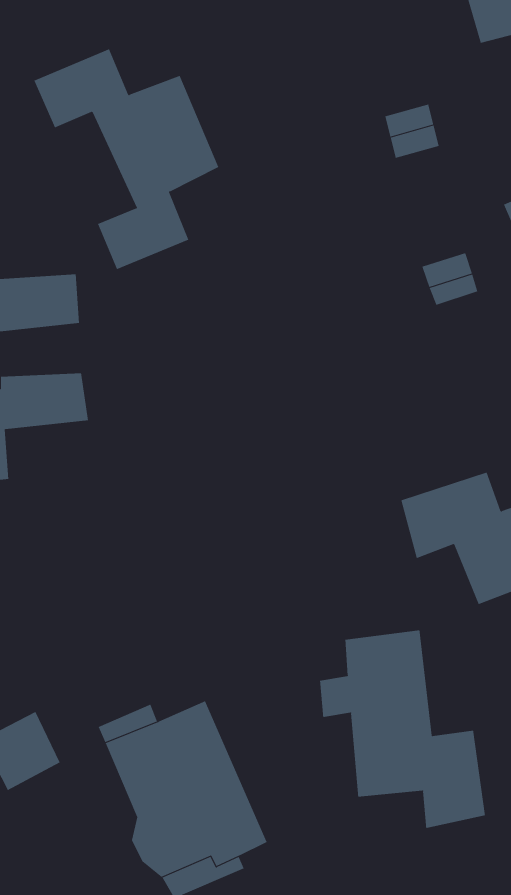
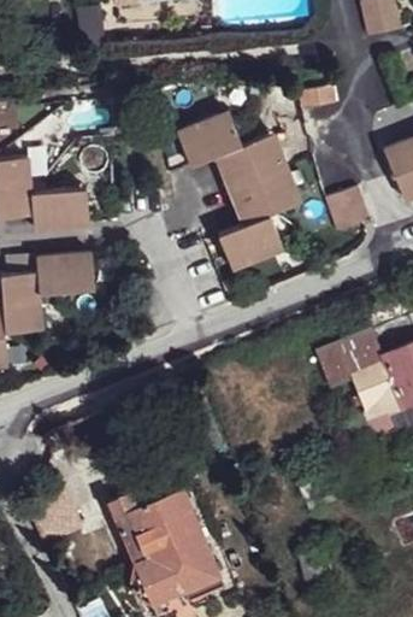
building: [33,49,219,270] -> [175,116,301,266]
building: [320,629,485,829] -> none

